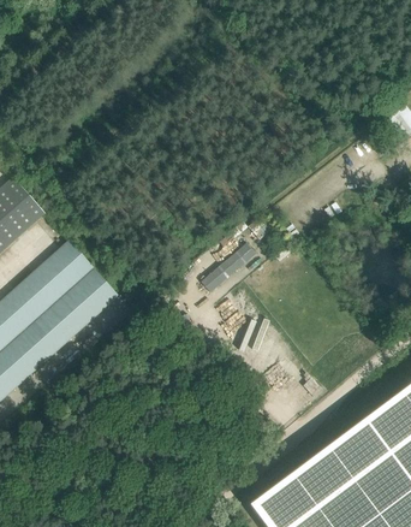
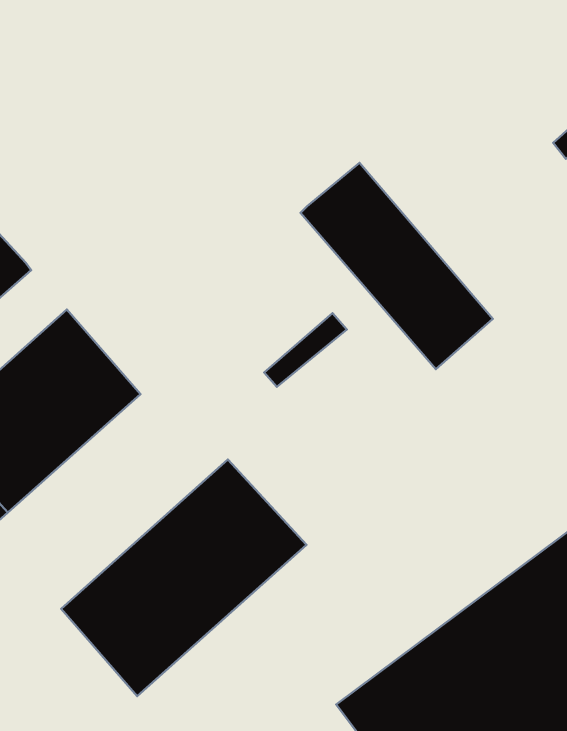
building: none -> [300,163,493,369]
building: none -> [61,459,306,696]

